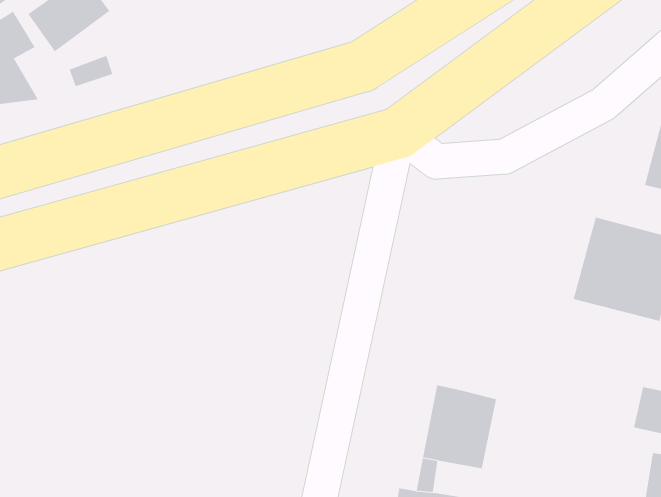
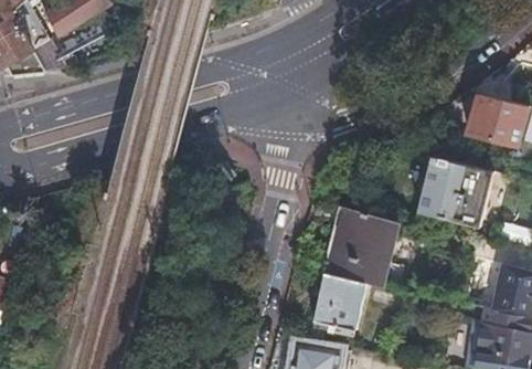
building: none -> [338,207,392,283]

